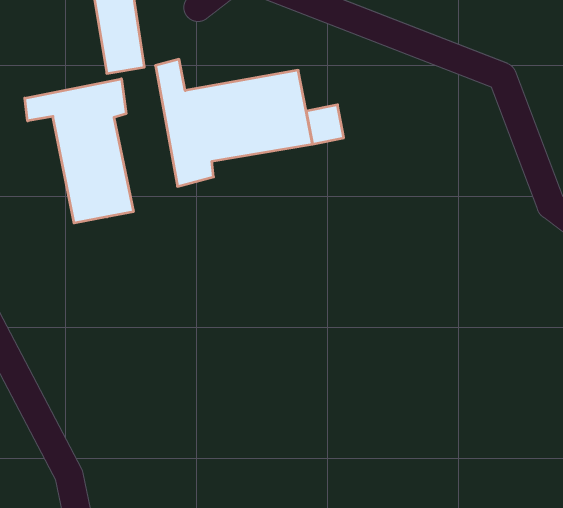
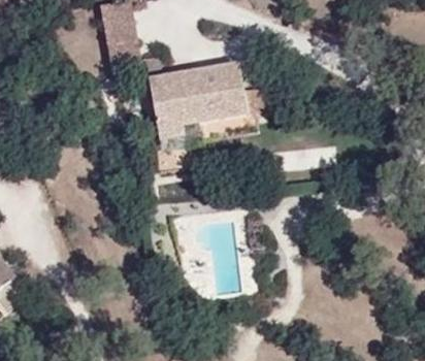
building: [25,79,133,223] -> none

